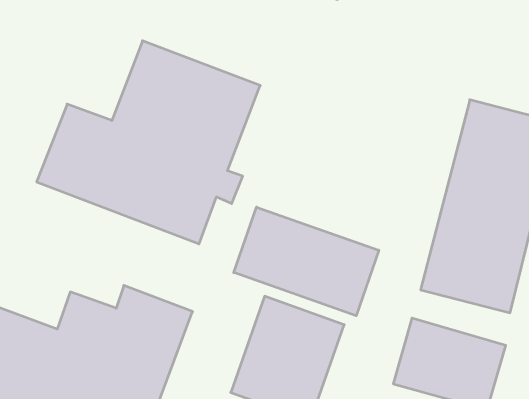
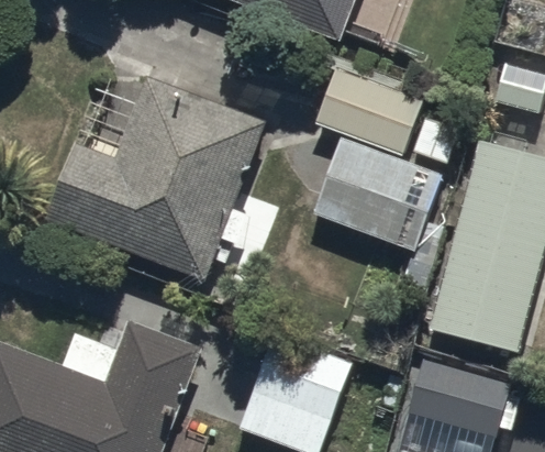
building: none -> [308,63,456,249]
building: [234,207,379,316] -> none

